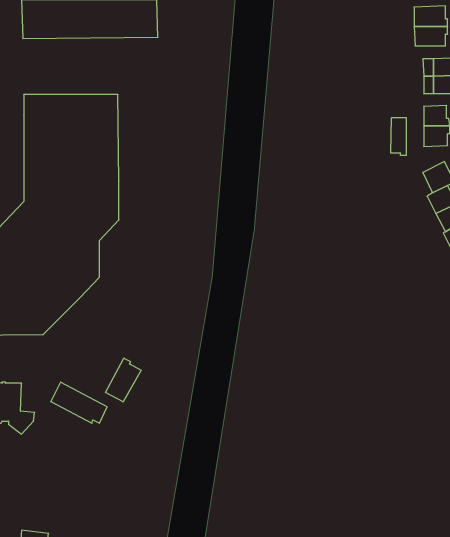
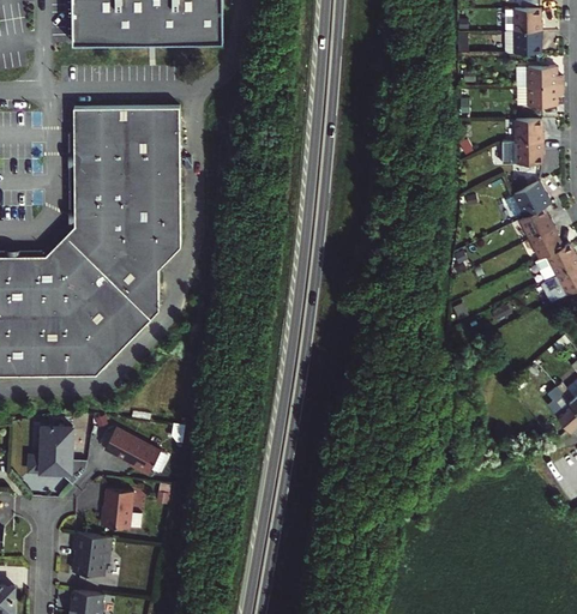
building: [391,118,406,155] -> none
building: [106,358,141,402] -> none
building: none -> [100,487,131,526]
building: none -> [71,531,110,574]

